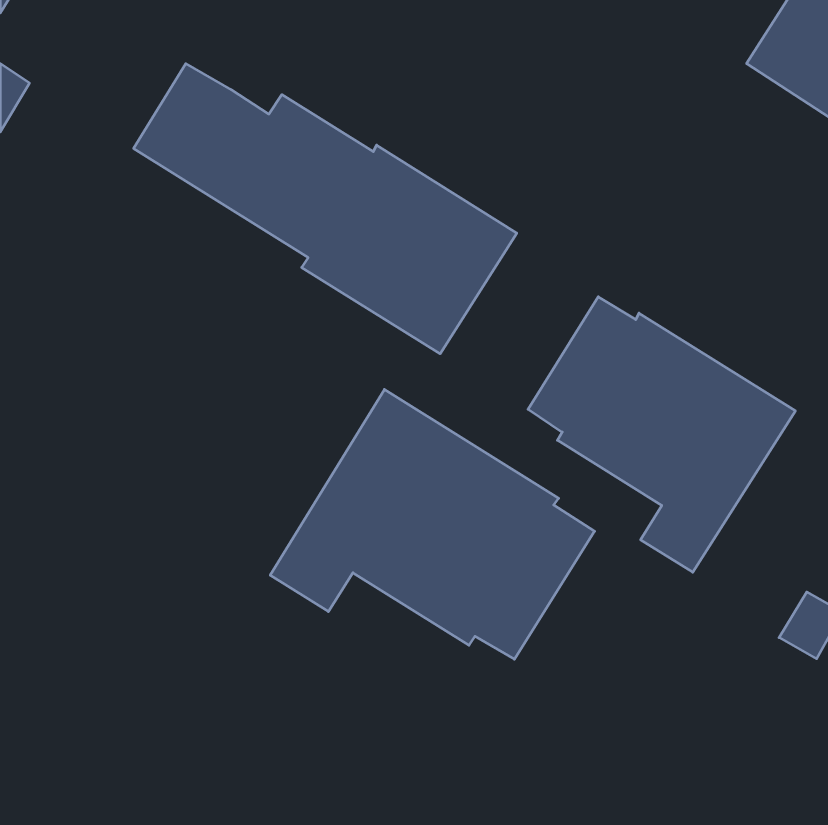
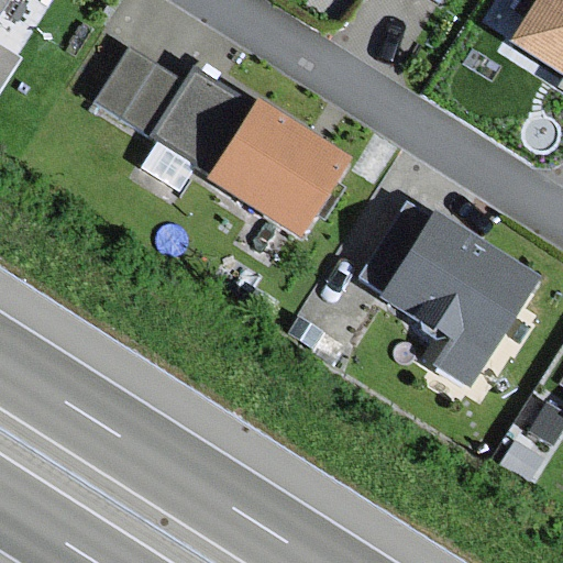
building: [270,389,595,659] -> none

